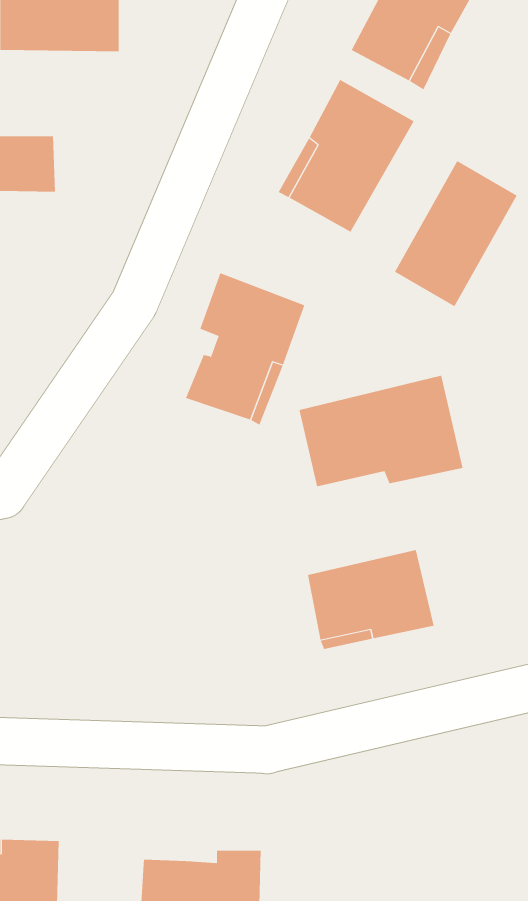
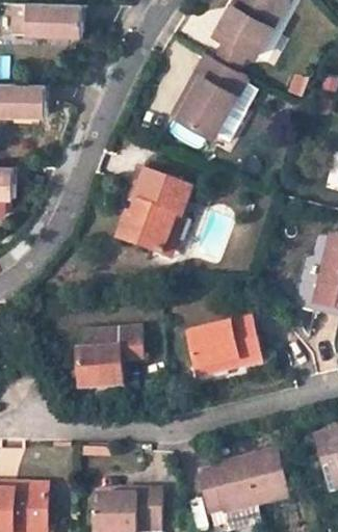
building: [394,160,517,307] -> none
building: [299,375,463,487] -> none
building: none -> [78,323,142,390]
building: none -> [200,451,289,514]

